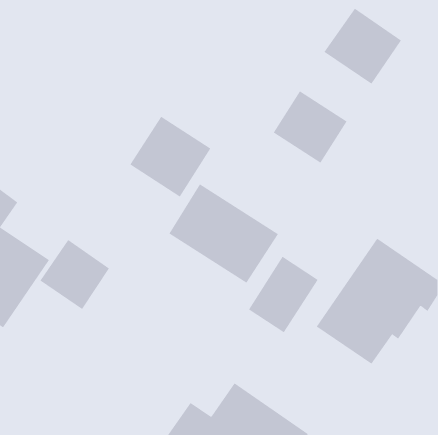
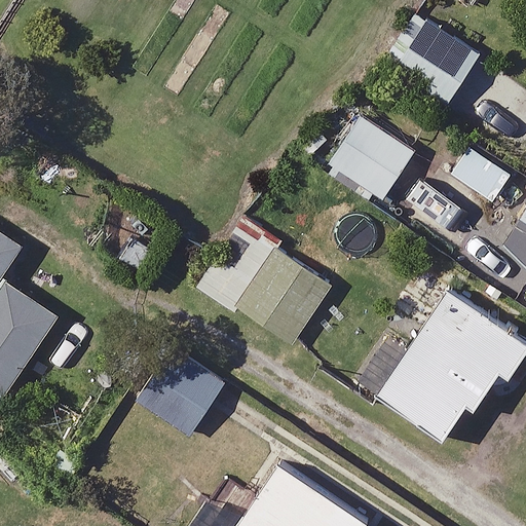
building: [130,116,211,197] -> none
building: [39,239,110,310] -> [139,351,223,436]
building: [248,256,318,333] -> none

